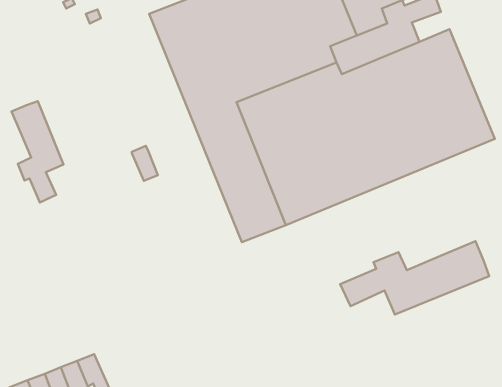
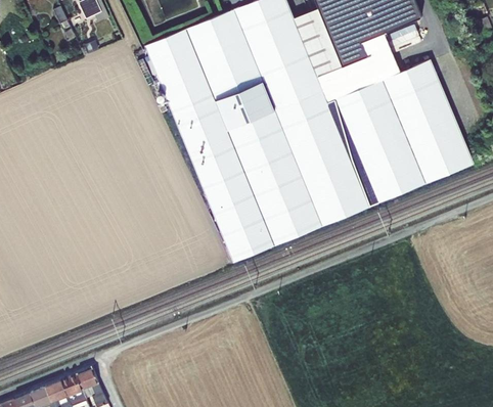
building: [12,101,64,203] -> none
building: [132,146,158,181] -> none
building: [340,241,489,314] -> none

